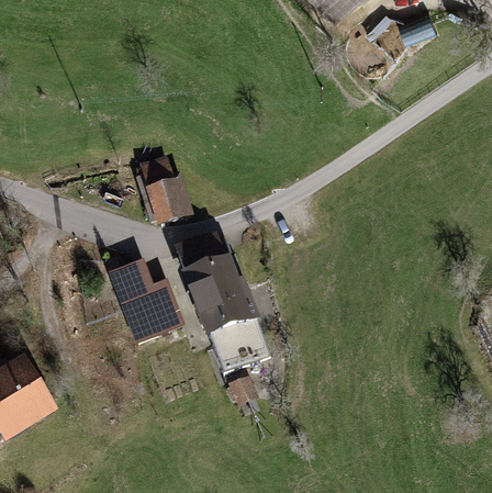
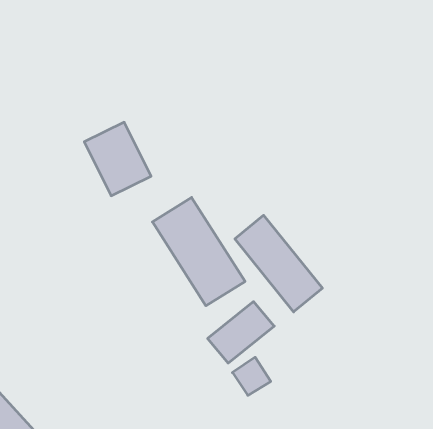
building: none -> [235,215,322,312]
building: [111,259,186,344] -> none

